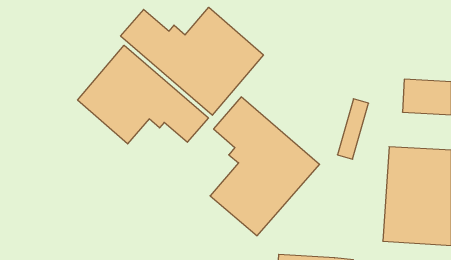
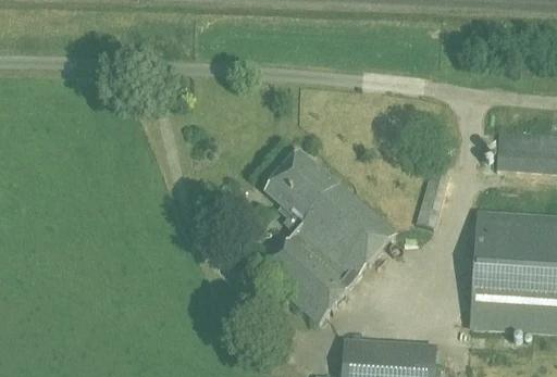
building: [121,7,263,115] -> none
building: [78,45,208,144] -> none

